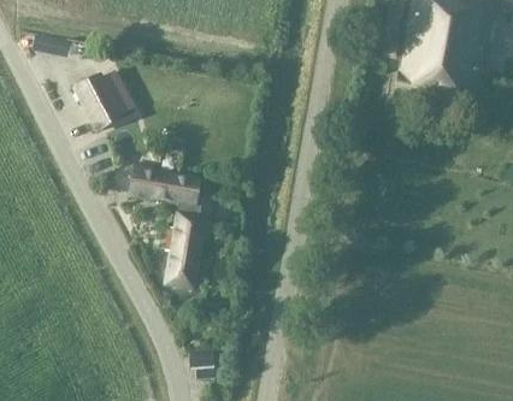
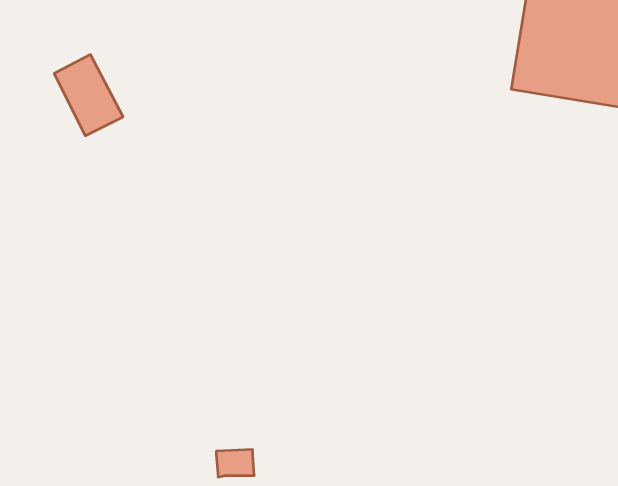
building: [131,167,206,285] -> none

